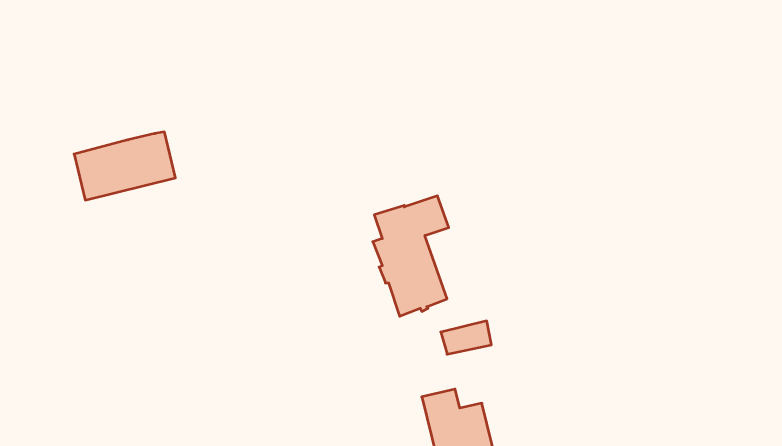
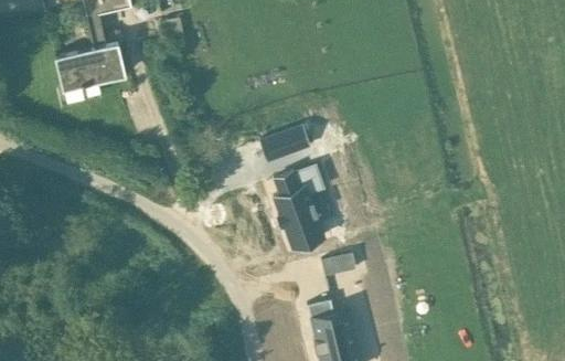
building: [74,132,175,200] -> [54,44,125,92]
building: none -> [262,129,310,164]

